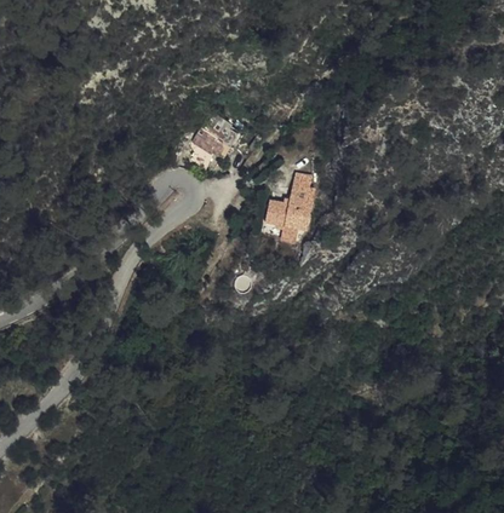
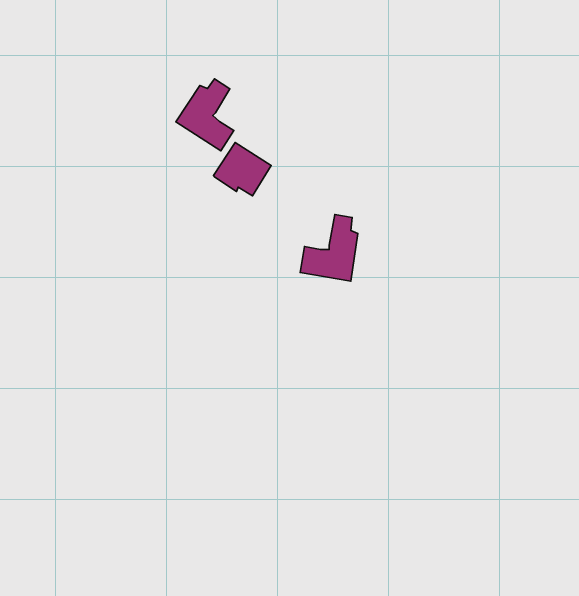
building: none -> [176,79,234,151]

